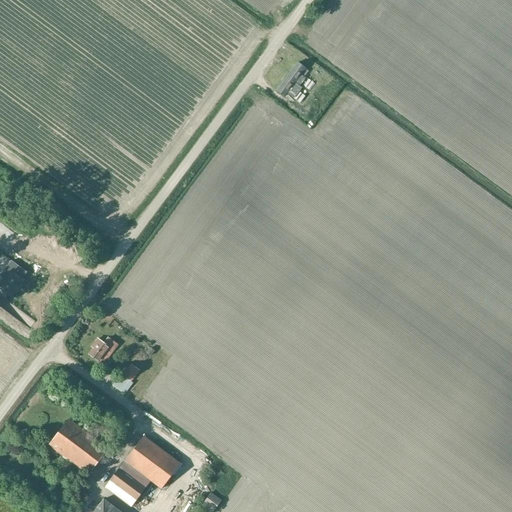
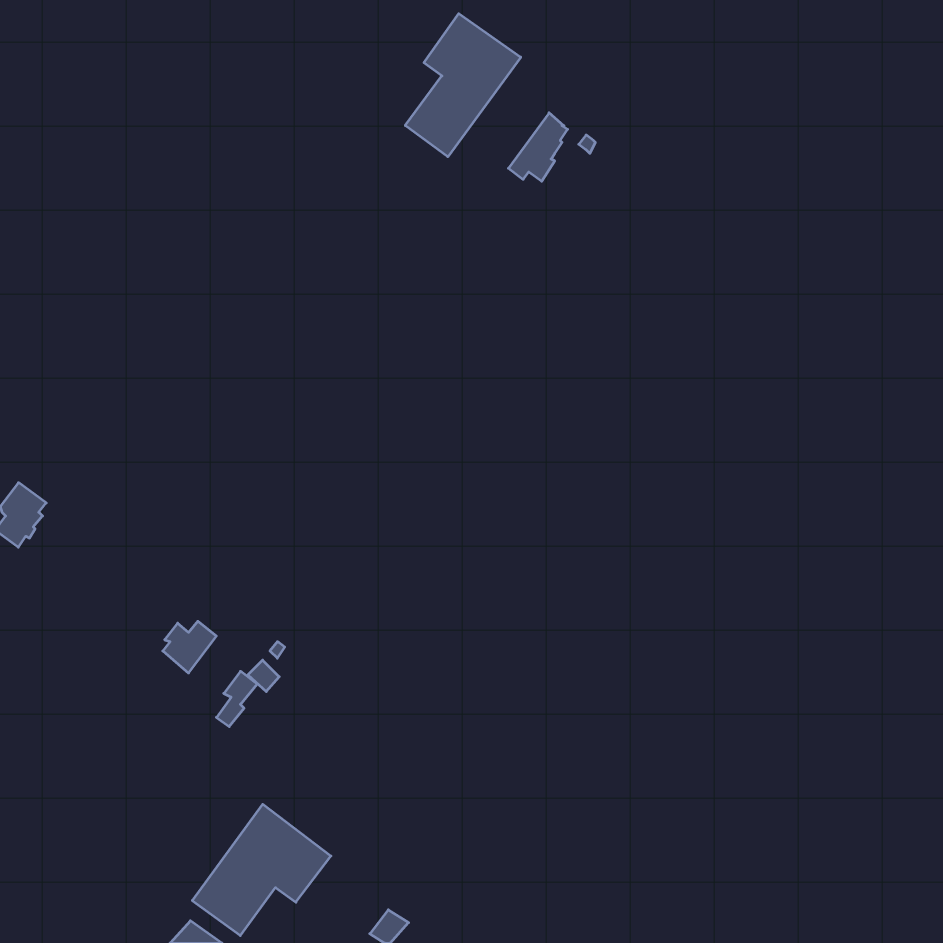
building: none -> [405,14,521,157]
building: [48,418,107,475] -> none

